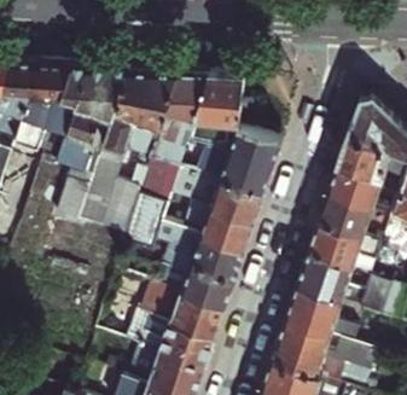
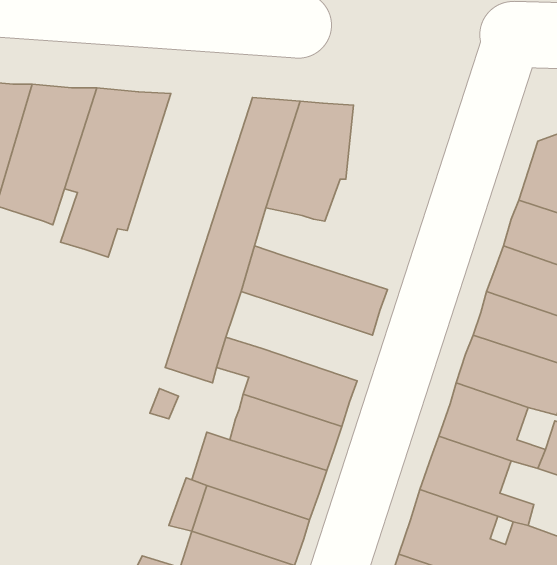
building: [54,70,178,237] -> none
building: [179,124,283,194] -> none
building: [184,203,254,252] -> none

